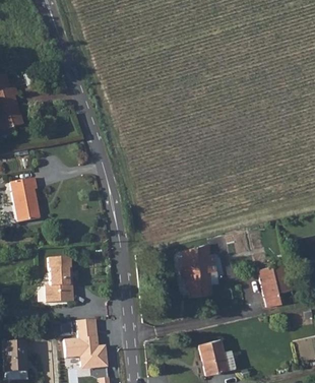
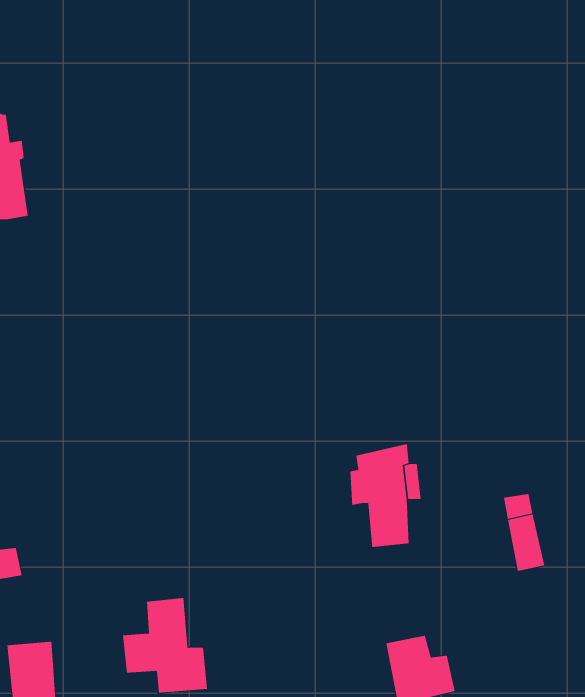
building: [12,178,41,221] -> none
building: [42,258,71,305] -> none

